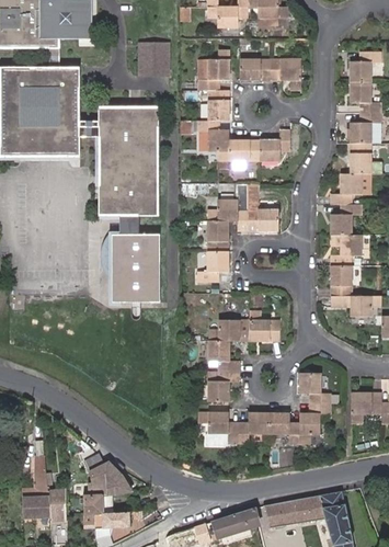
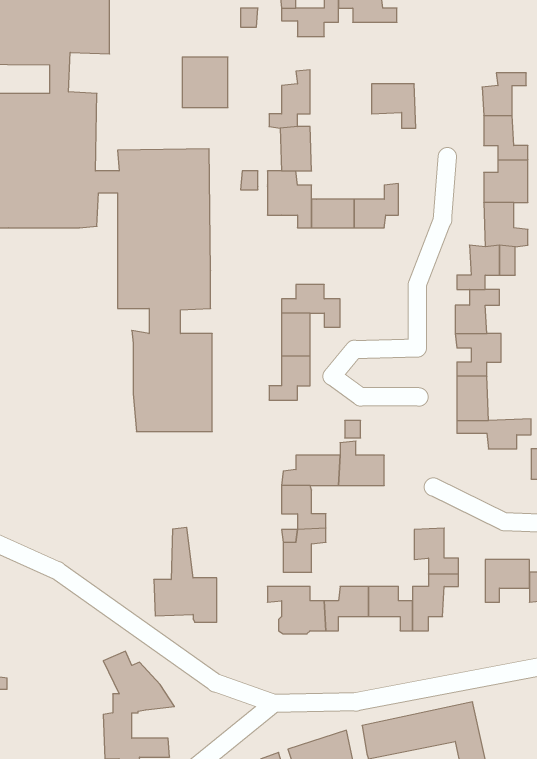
building: [240,61,271,82] -> none
building: [249,184,279,230] -> none
building: [23,456,67,522] -> [154,527,217,622]

